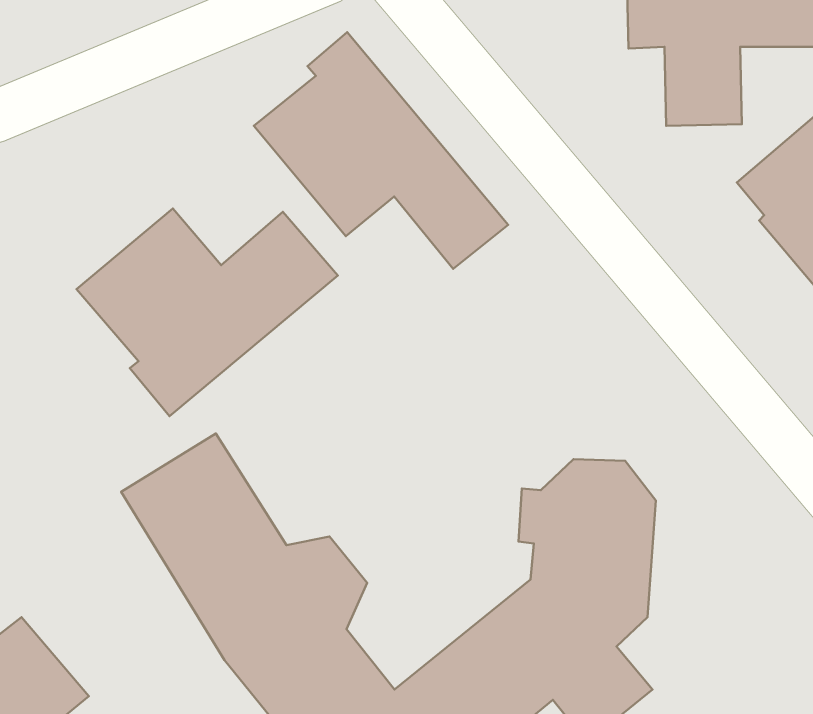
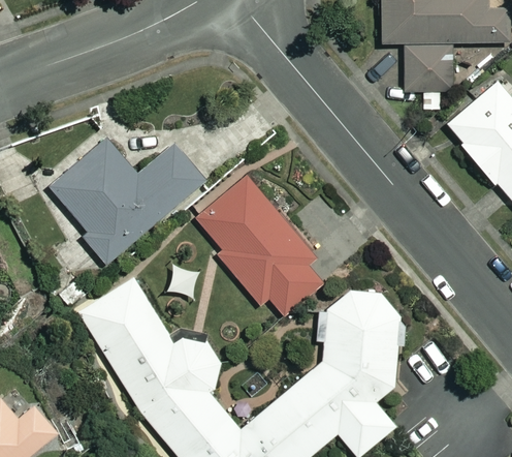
building: [254,32,508,269] -> none
building: none -> [187,173,330,316]

